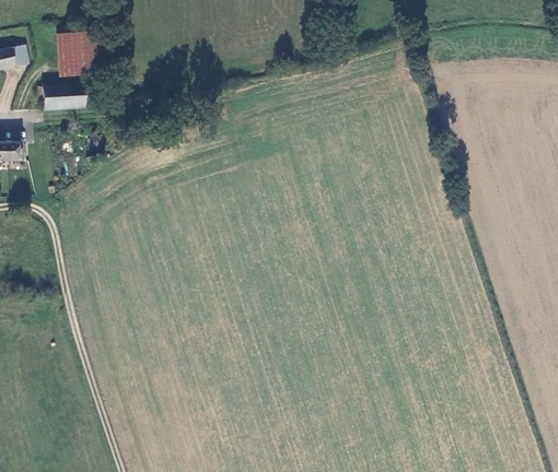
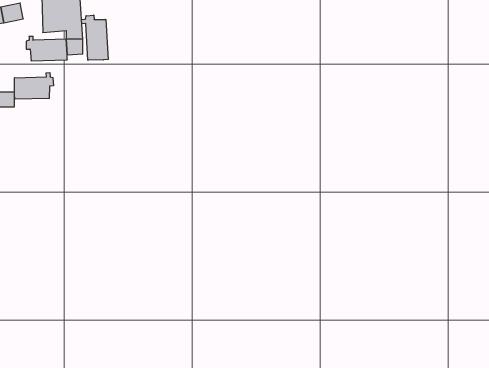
building: none -> [82,15,108,60]
building: none -> [14,73,53,99]

